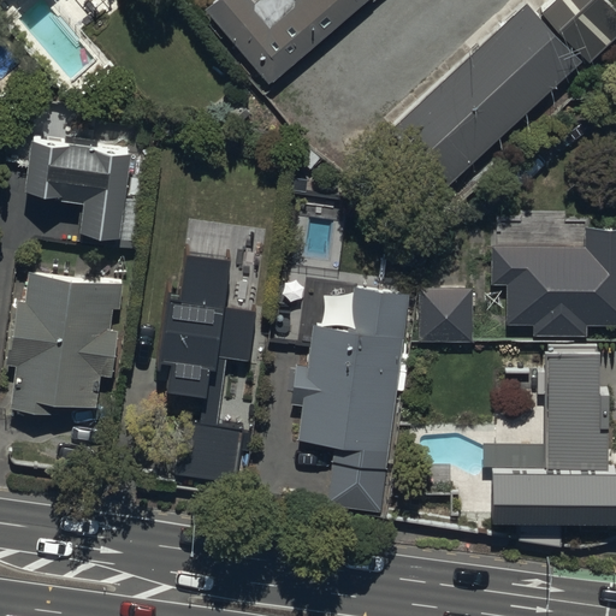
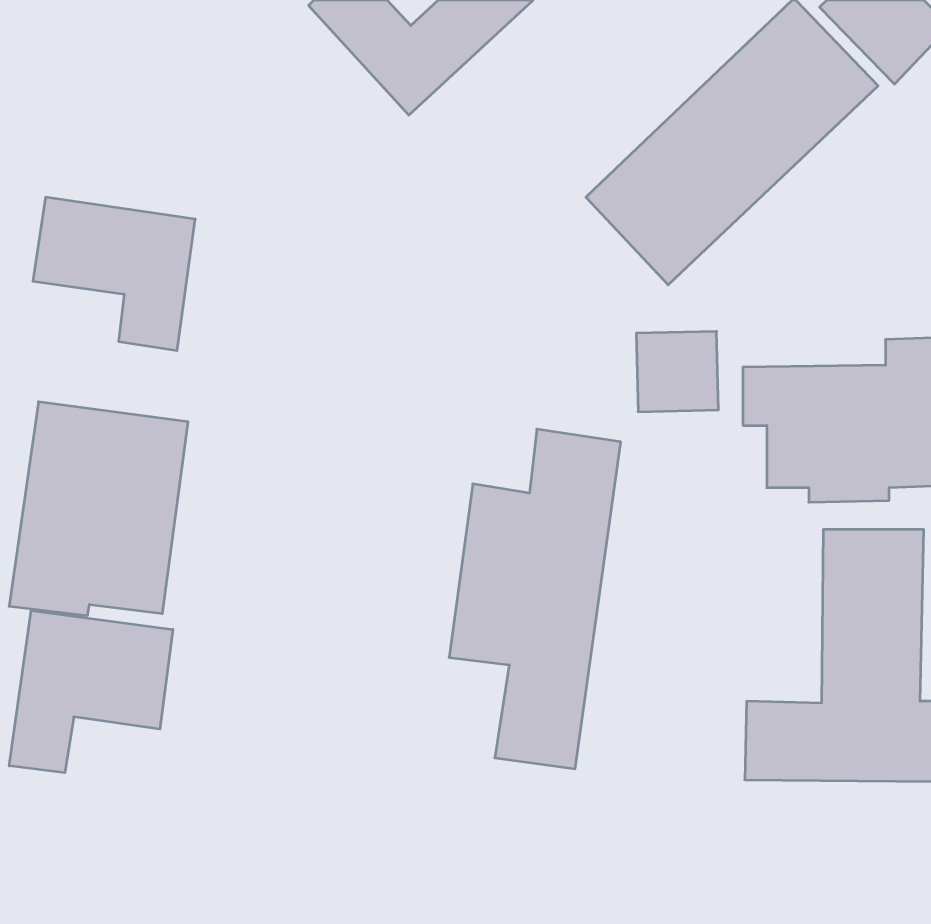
building: [160,250,255,476] -> none
building: [420,290,474,343] -> [636,331,718,412]
building: none -> [9,610,173,773]

